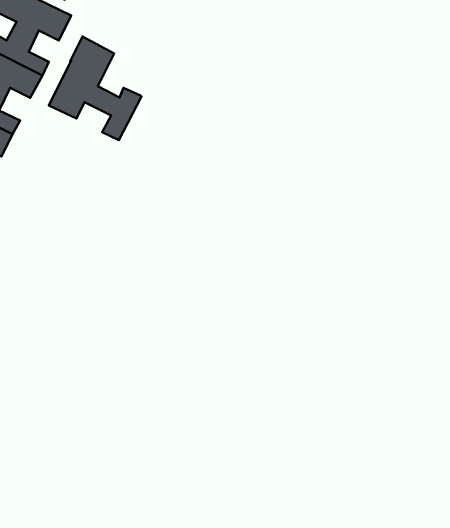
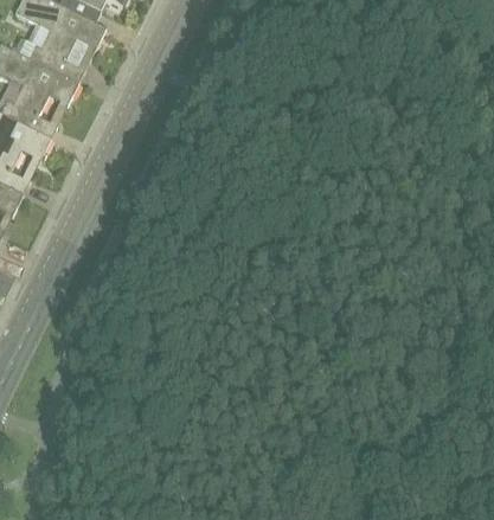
building: [49,37,141,140] -> none

